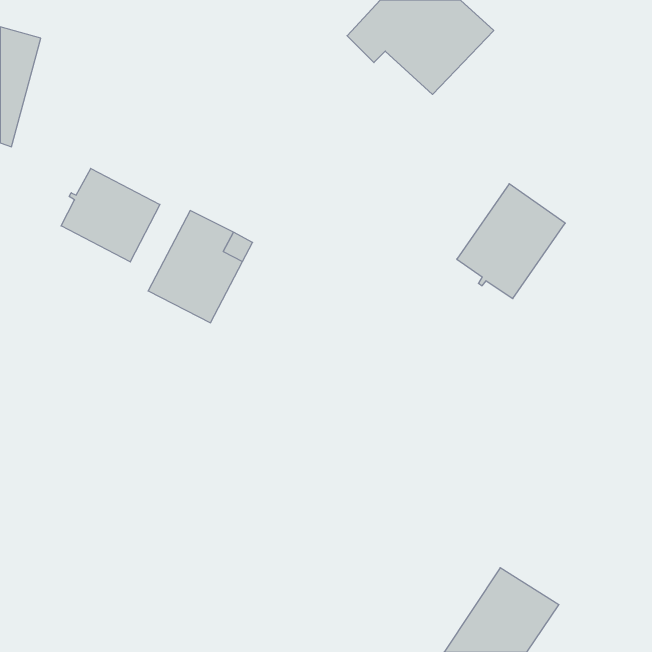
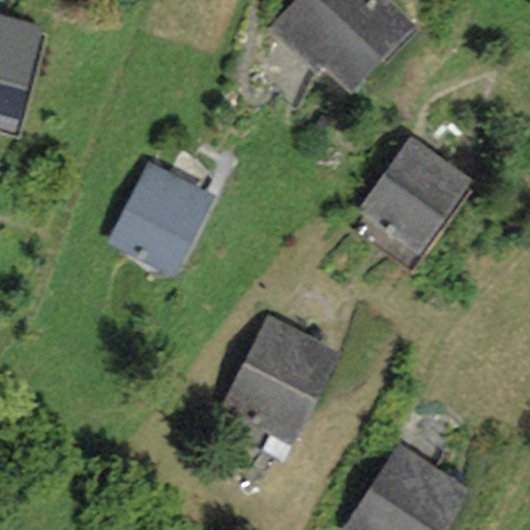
building: [61,168,160,262] -> none
building: none -> [234,329,321,429]

